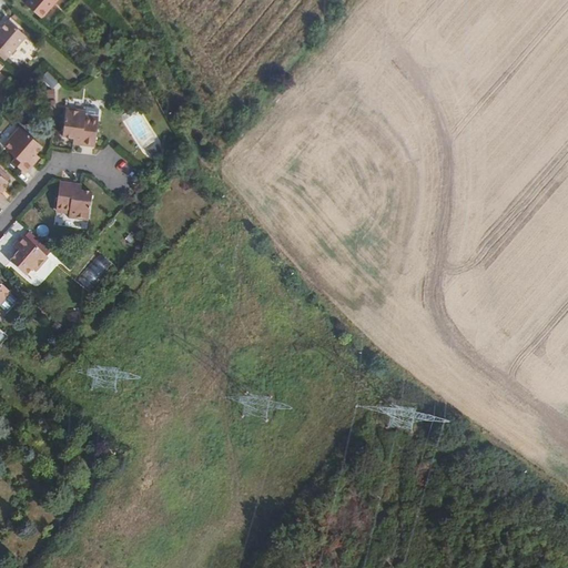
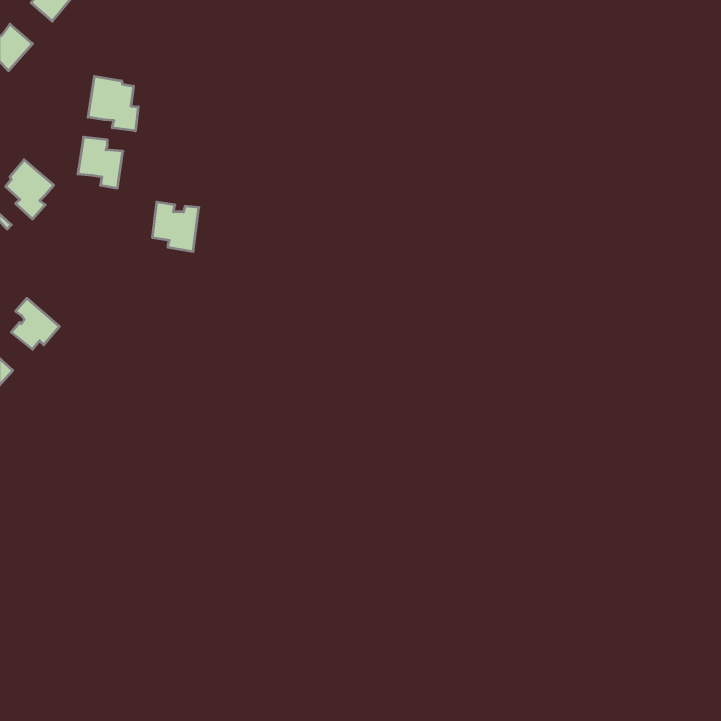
building: none -> [88,76,138,131]
building: [55,181,92,220] -> [152,202,199,251]

